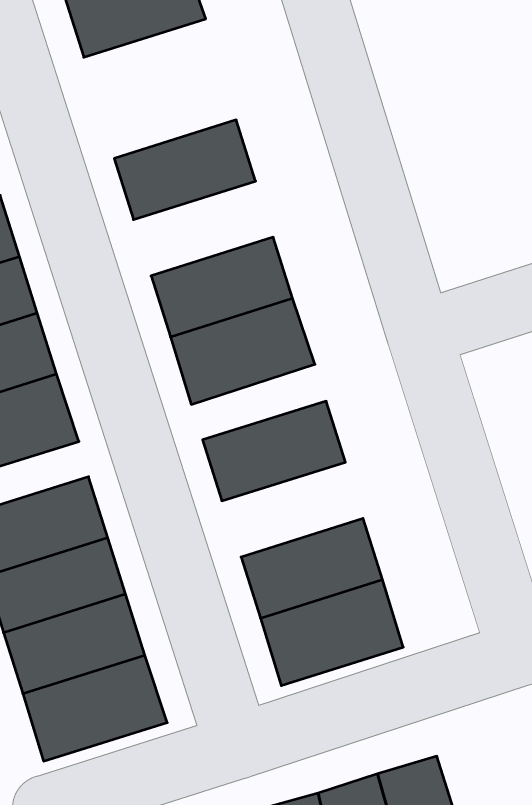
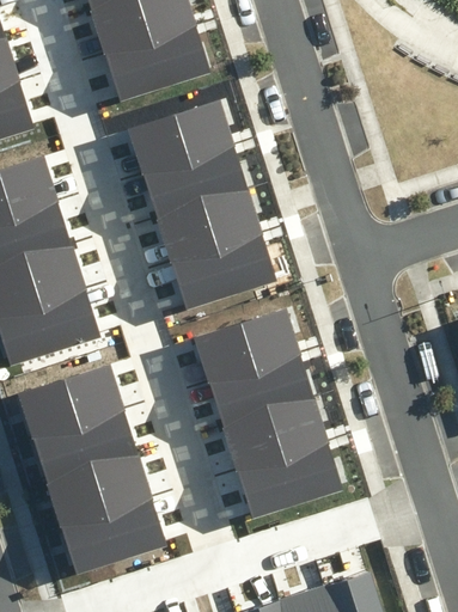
building: none -> [105,23,212,102]
building: none -> [142,143,246,214]
building: none -> [208,353,313,423]

